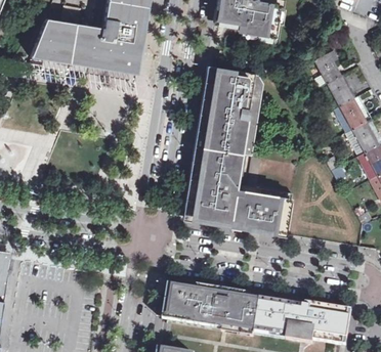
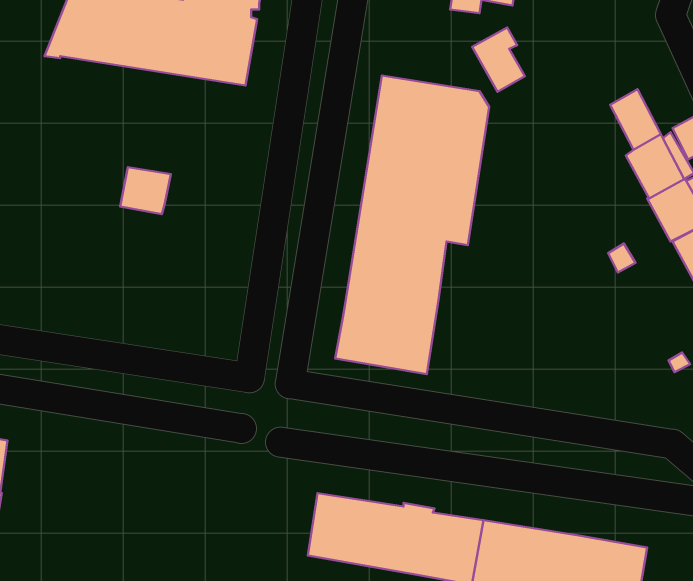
building: [315,49,343,83] -> [472,27,525,92]
building: none -> [120,167,171,214]
building: [232,185,294,232] -> none

